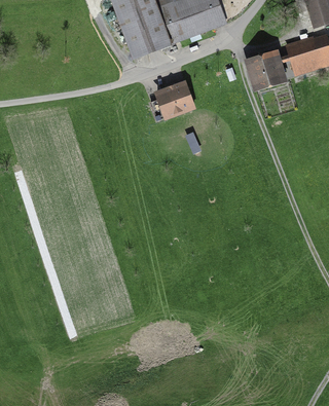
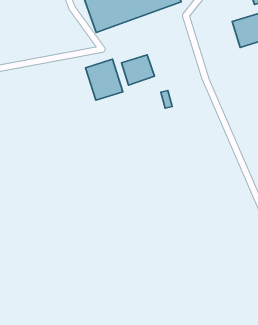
building: [250,50,287,87] -> none
building: none -> [86,59,123,100]

